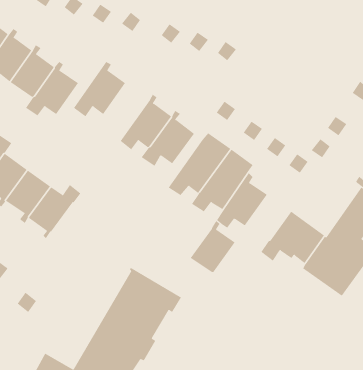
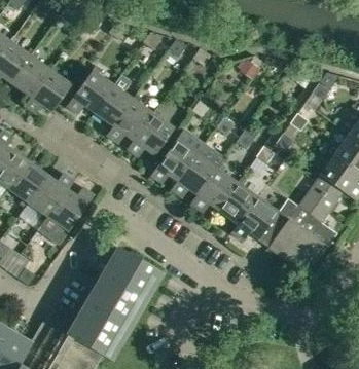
building: none -> [94,79,134,135]
building: none -> [41,187,95,232]
building: [190,220,236,273] -> [218,177,258,223]

